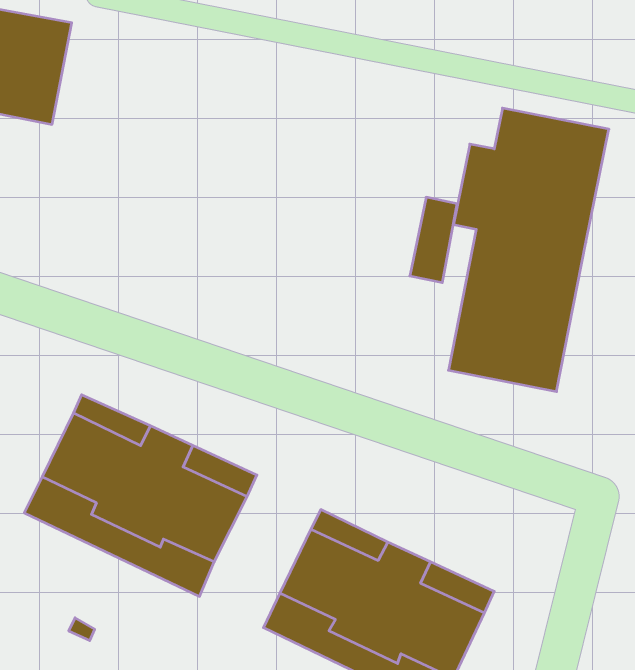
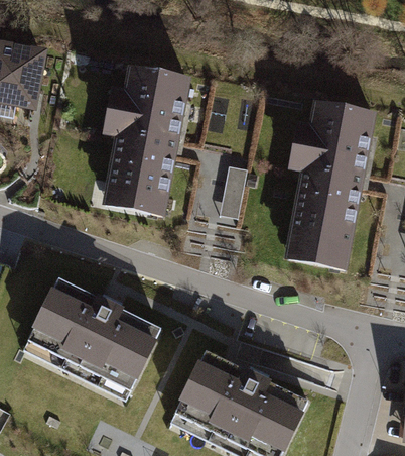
building: none -> [100,66,190,217]
building: [410,197,457,283] -> [217,165,246,218]

